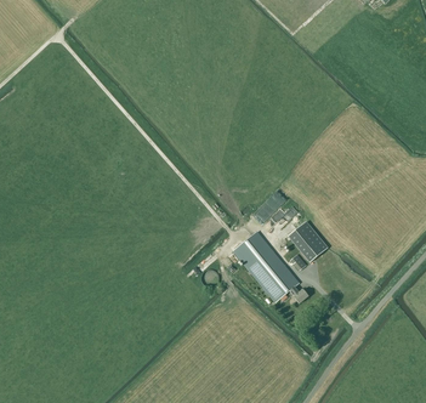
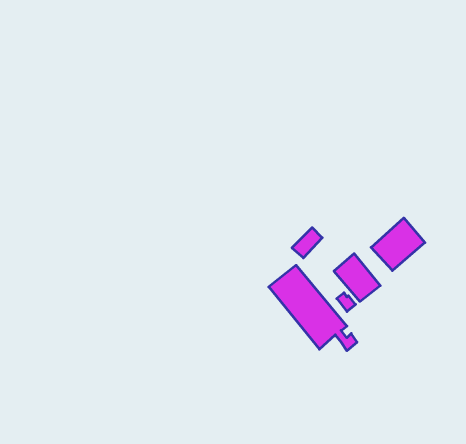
building: none -> [371,218,425,271]

